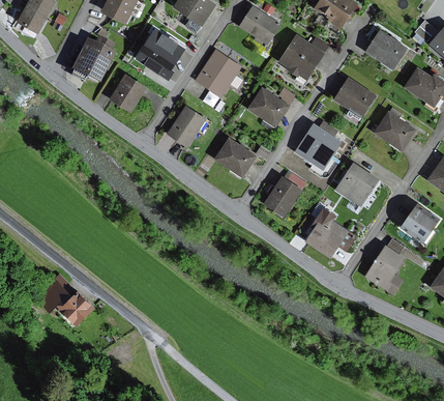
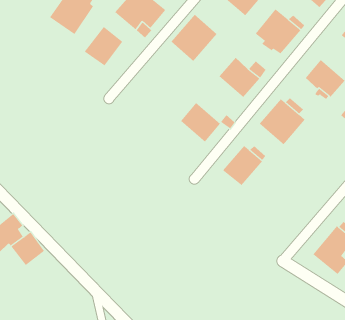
building: [168,106,206,147] -> none
building: [334,162,378,206] -> none
building: [304,207,357,258] -> none

